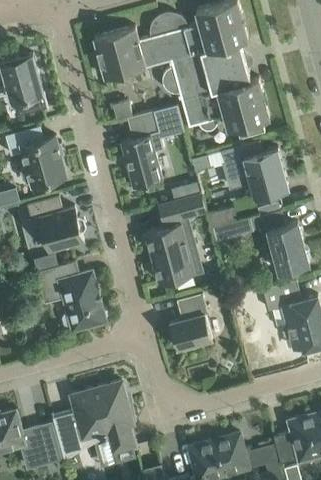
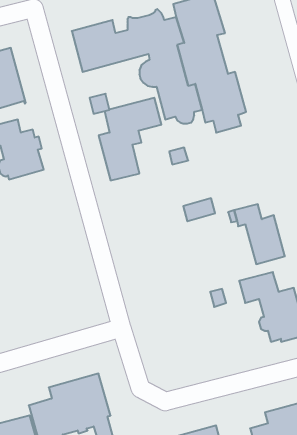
building: [221,141,288,199] -> none
building: [158,194,206,224] -> none
building: [27,196,85,252] -> none
building: [145,225,194,284] -> none
building: [35,262,105,331] -> none
building: [170,295,212,351] -> none

